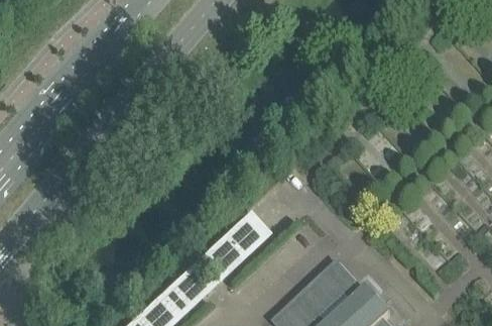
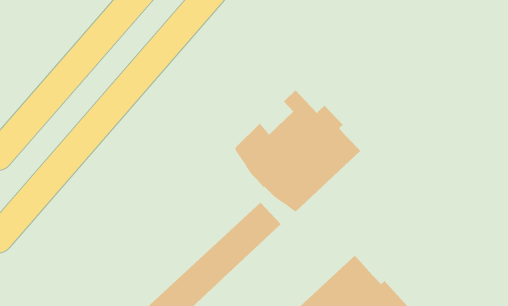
building: none -> [235,90,361,212]

